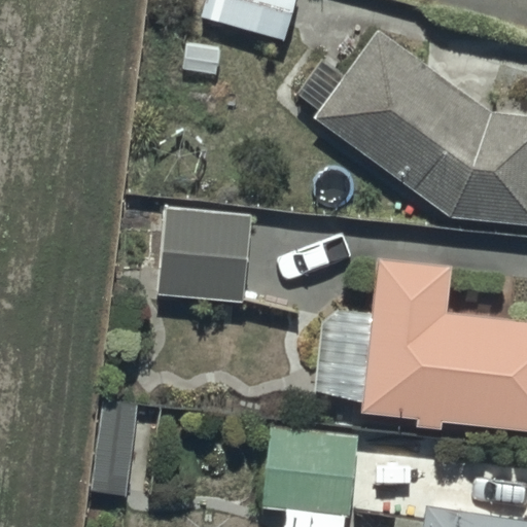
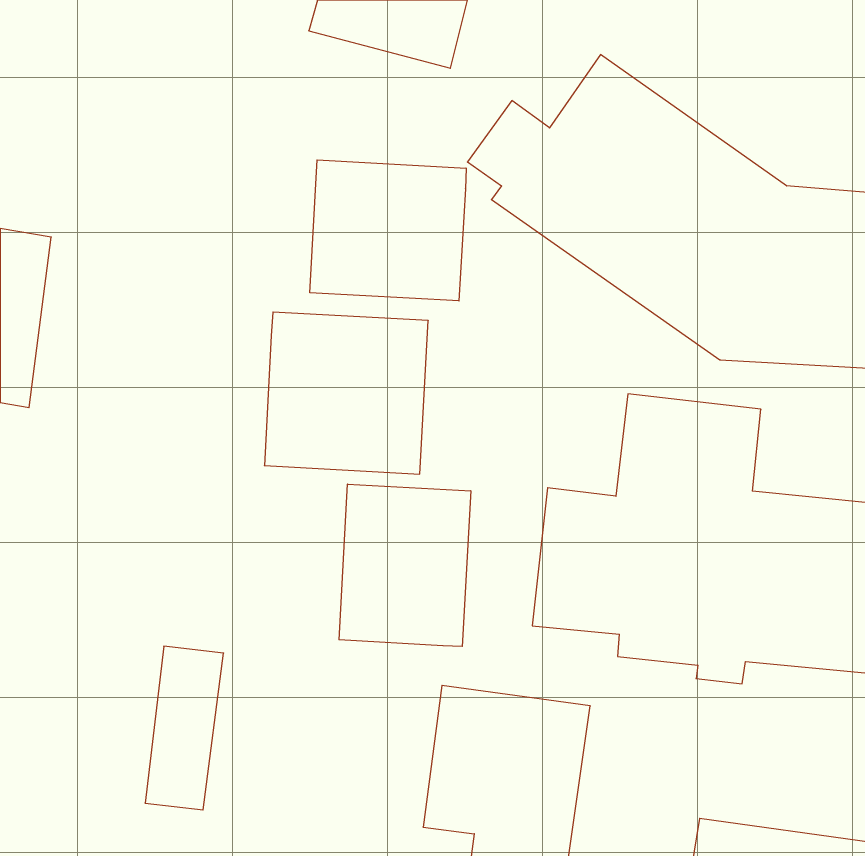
building: none -> [310,160,466,301]
building: none -> [339,484,471,646]

